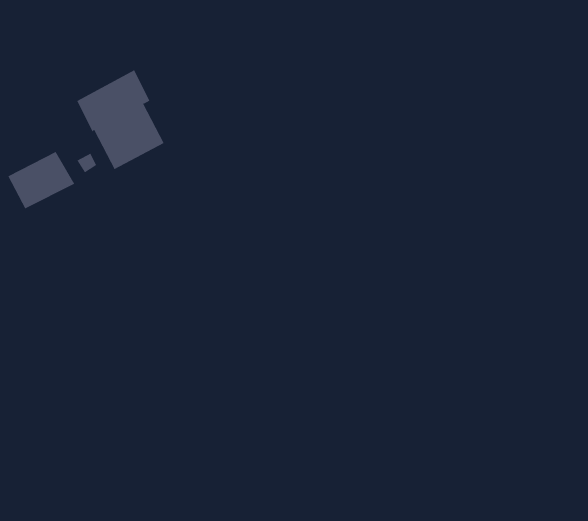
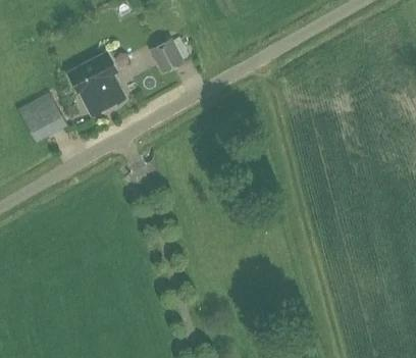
building: none -> [151,38,186,74]

